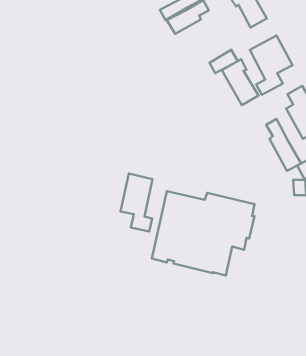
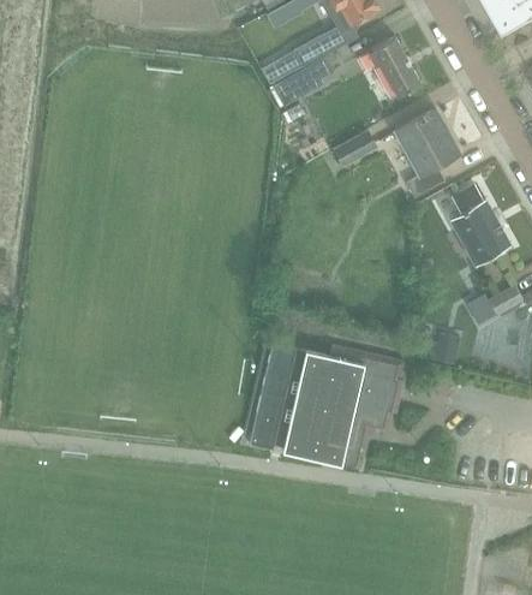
building: [222,59,258,105] -> none
building: [266,119,301,171] -> none
building: [120,174,152,232] -> none

